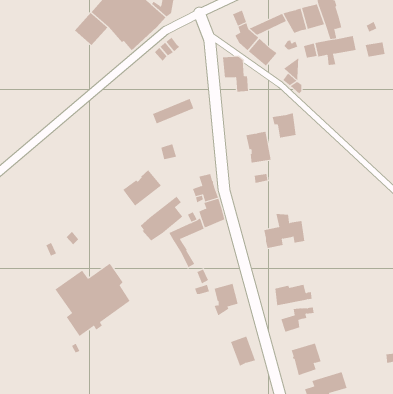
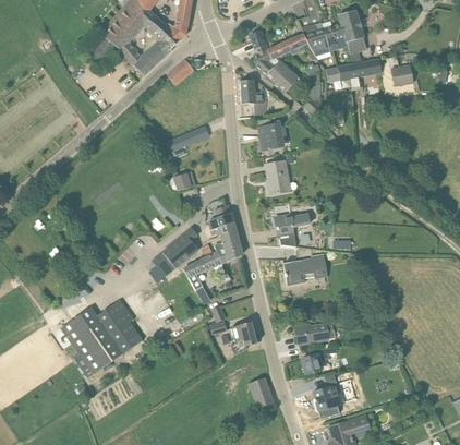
building: [272,113,297,138] -> [257,122,283,149]
building: [122,170,162,207] -> none
building: none -> [274,213,310,246]

